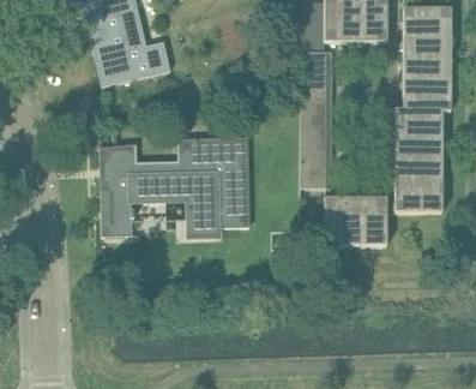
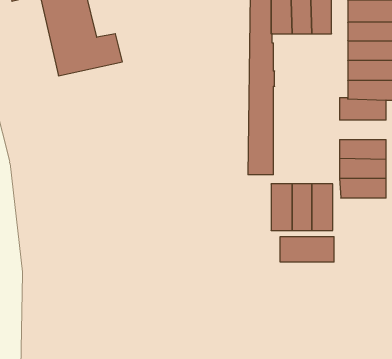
building: [394,131,442,151] -> none
building: [100,137,249,237] -> none
building: none -> [280,237,334,262]

